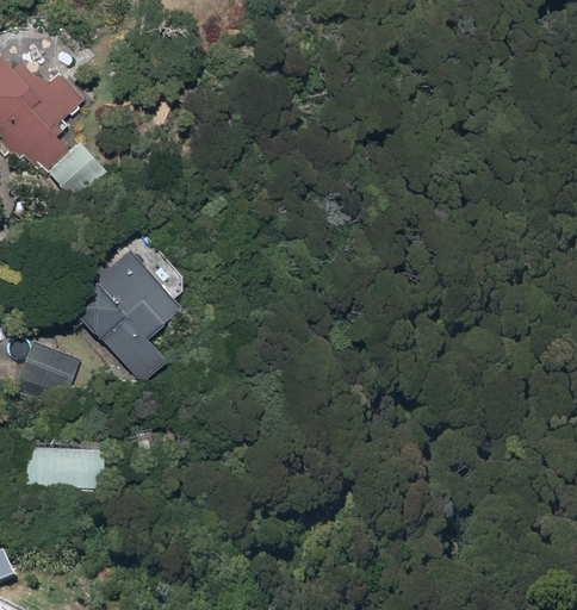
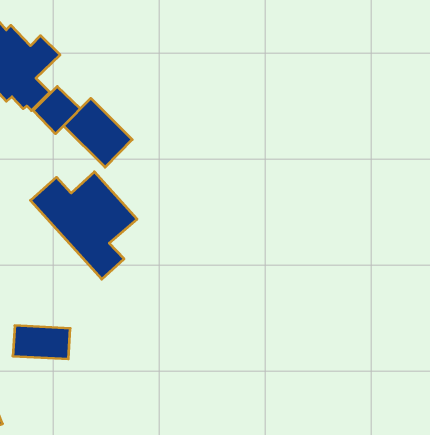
building: none -> [64,98,132,167]
building: [17,341,80,397] -> none

